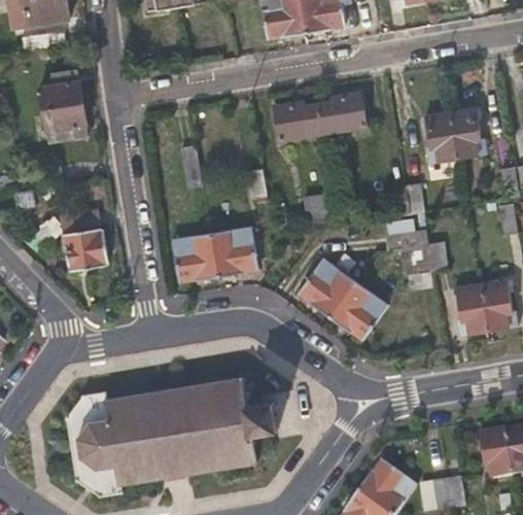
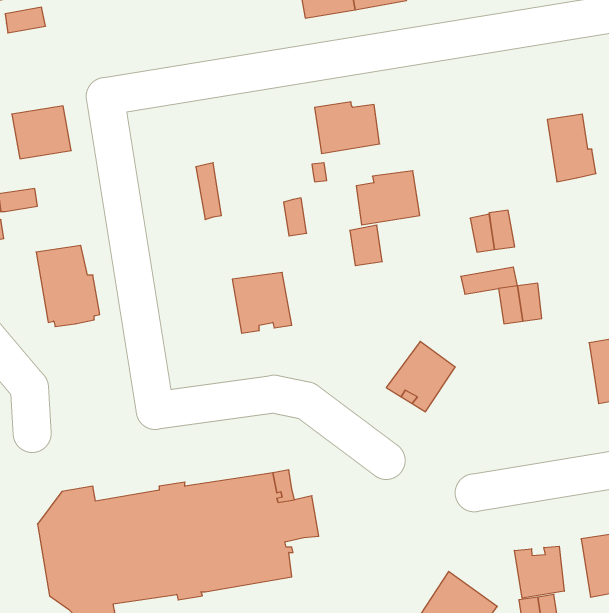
building: [40,71,82,109] -> none
building: [319,91,368,132] -> [356,171,420,225]
building: [426,113,458,166] -> none
building: [172,235,218,283] -> none
building: [295,260,354,317] -> none
building: [455,283,490,335] -> none
building: none -> [514,546,564,598]

